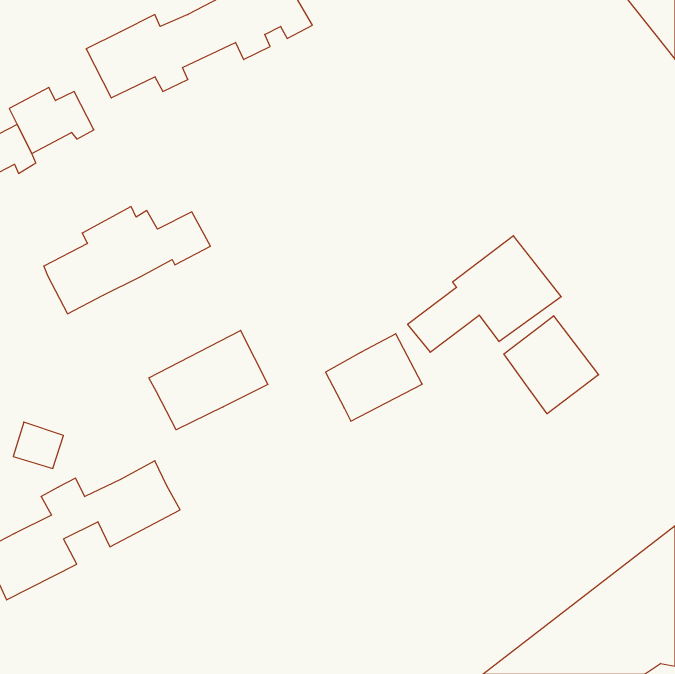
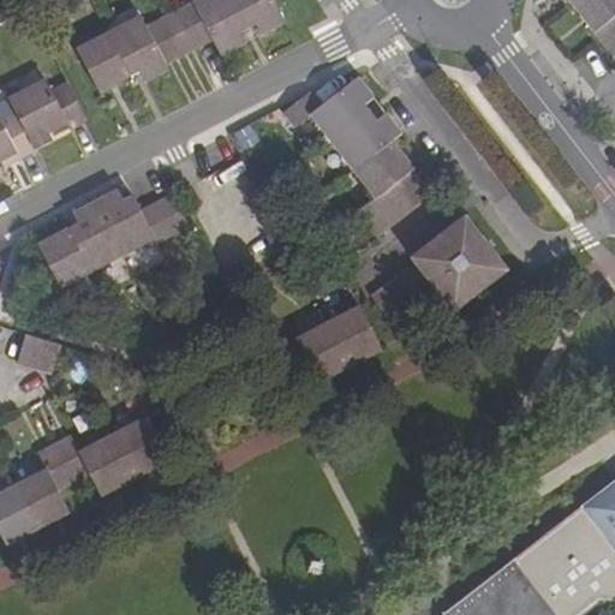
building: none -> [285,74,431,235]
building: [504,316,599,414] -> none
building: [149,330,268,430] -> none
building: [13,422,63,468] -> [17,332,62,374]

